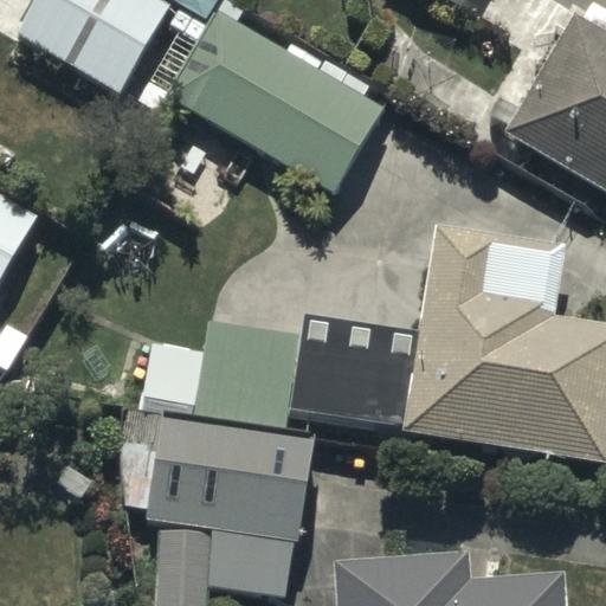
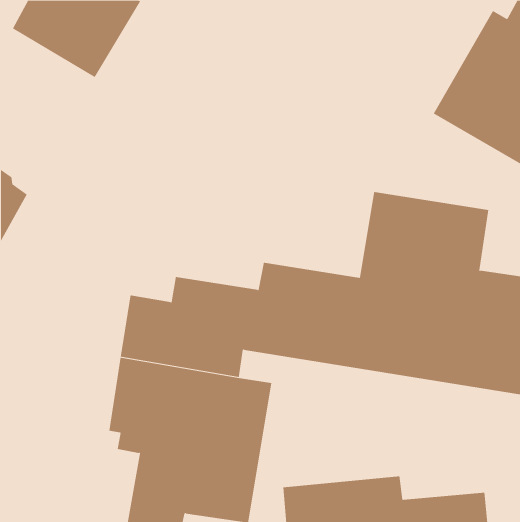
building: [165,9,388,196] -> none

